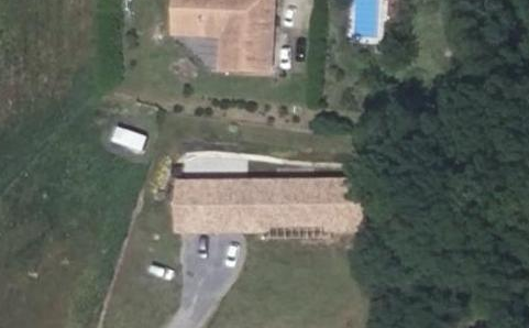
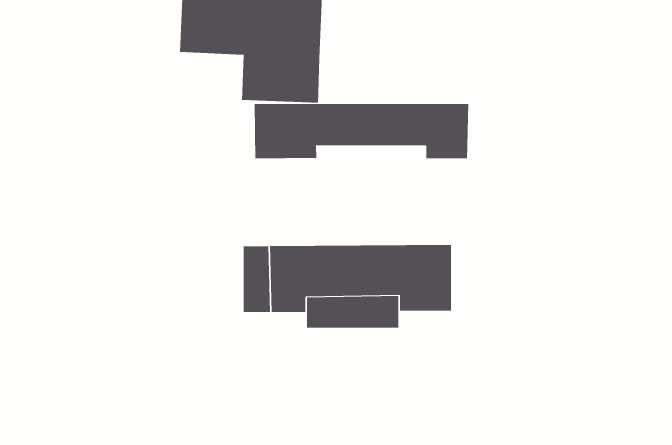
building: none -> [254,103,469,159]
building: [174,177,213,226] -> none

